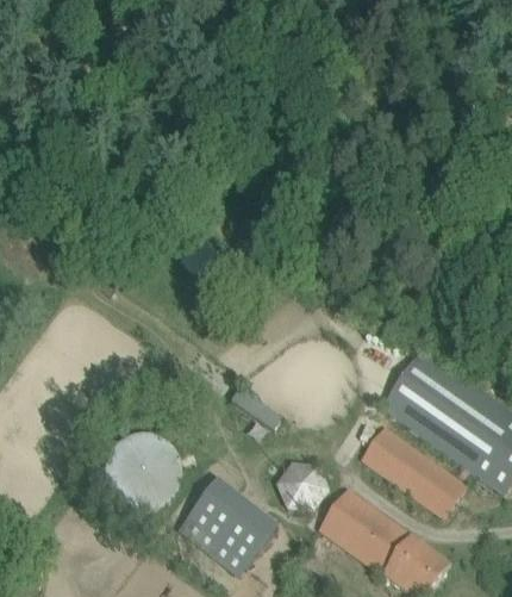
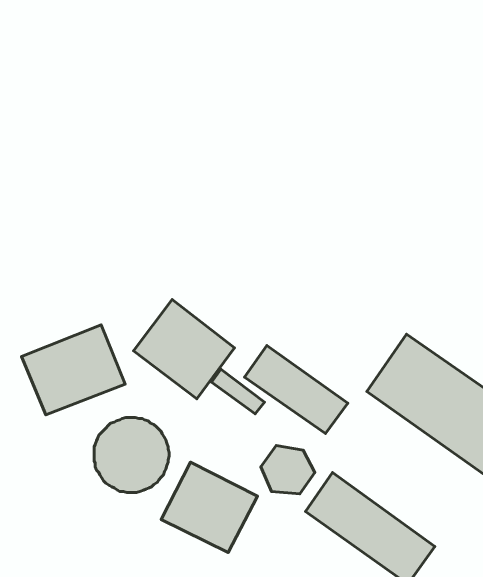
building: none -> [133,299,234,399]
building: none -> [22,325,125,415]
building: [363,428,468,517] -> [244,346,348,434]

